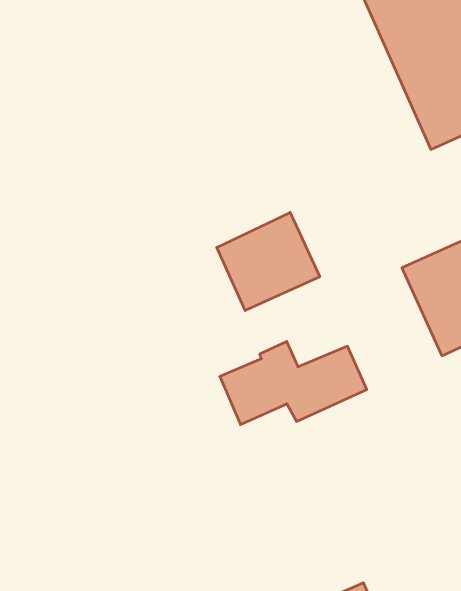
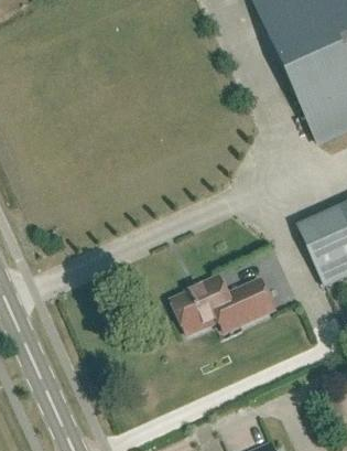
building: [217,212,320,311] -> none

